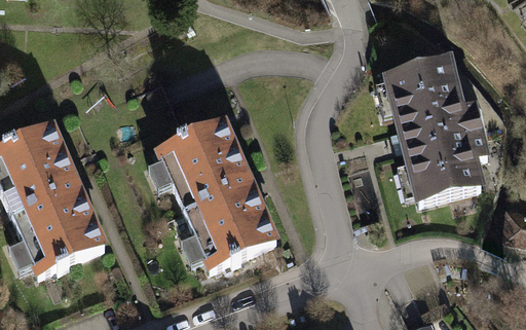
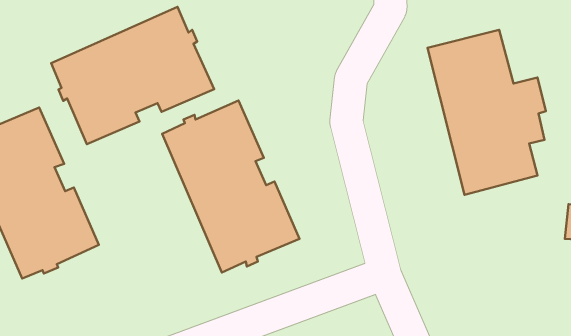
building: none -> [51,7,214,144]

